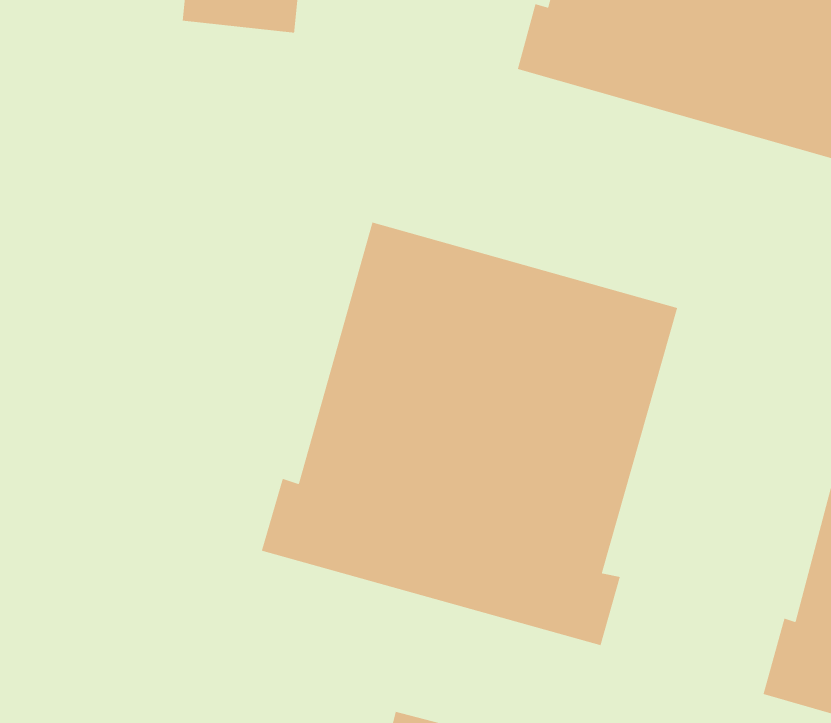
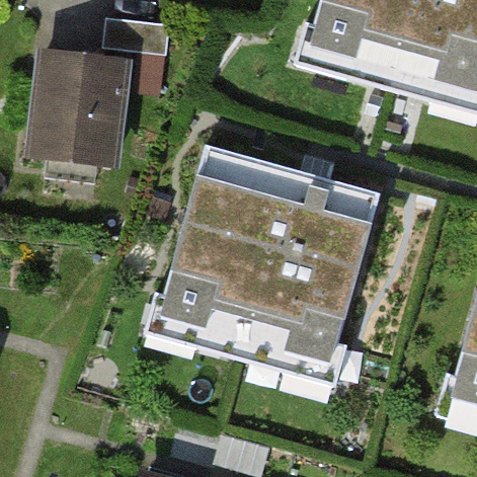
building: none -> [33,49,127,155]

